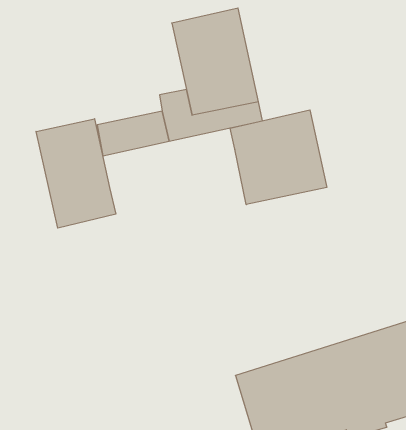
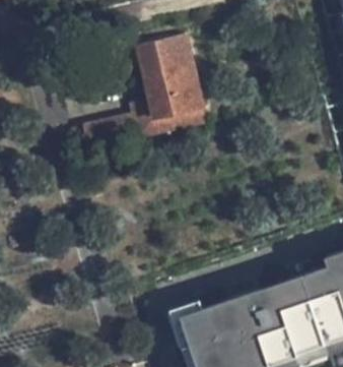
building: [230,110,327,205] -> none
building: [36,119,116,228] -> none

